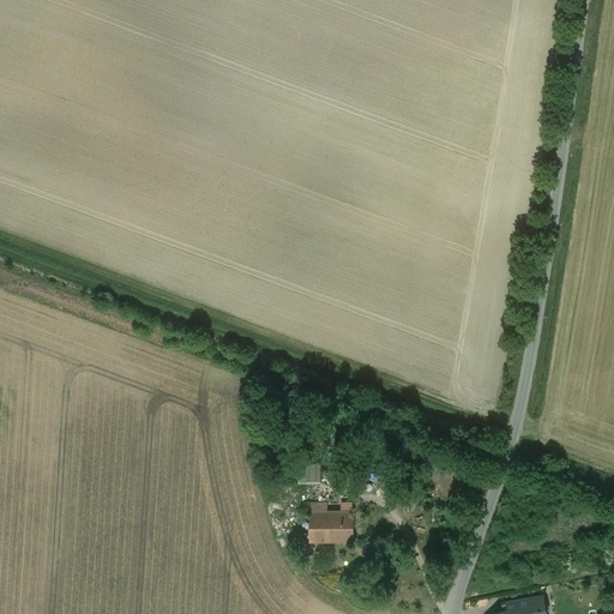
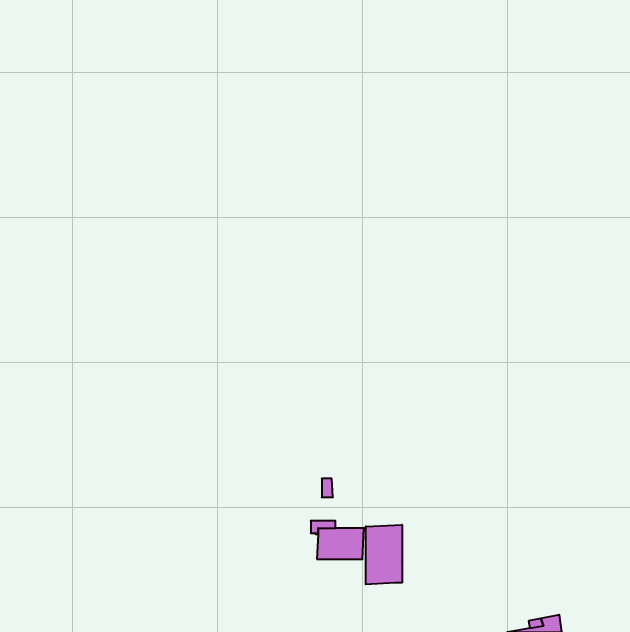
building: none -> [366,525,402,584]

